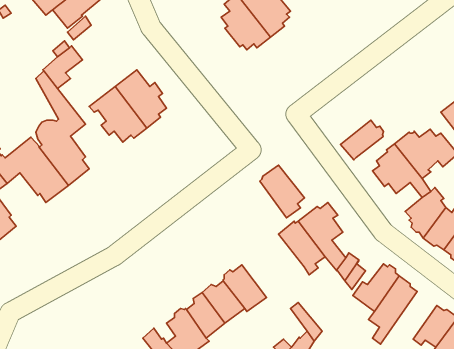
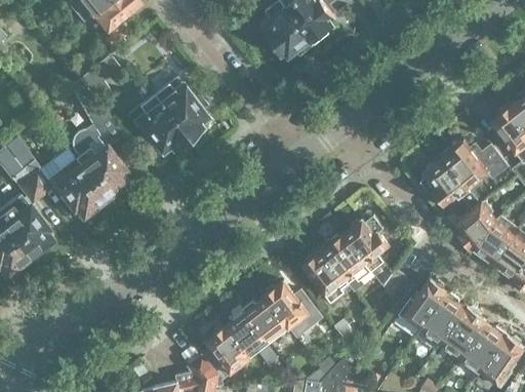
building: [340,120,384,160] -> none
building: [260,165,304,218] -> [302,249,349,304]
building: none -> [445,307,487,358]

